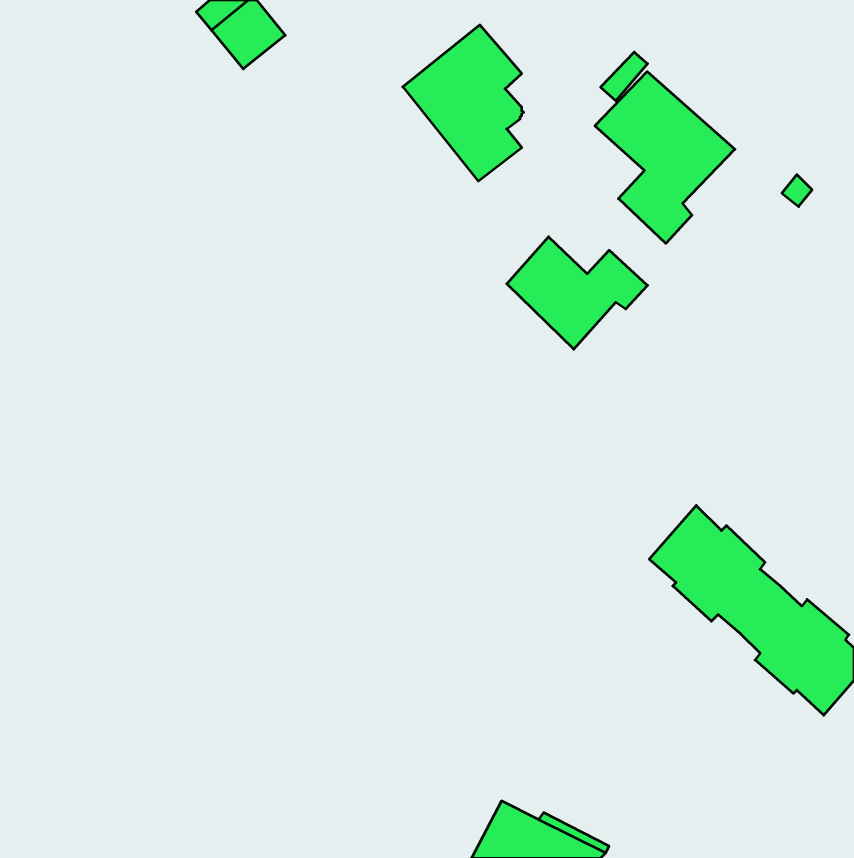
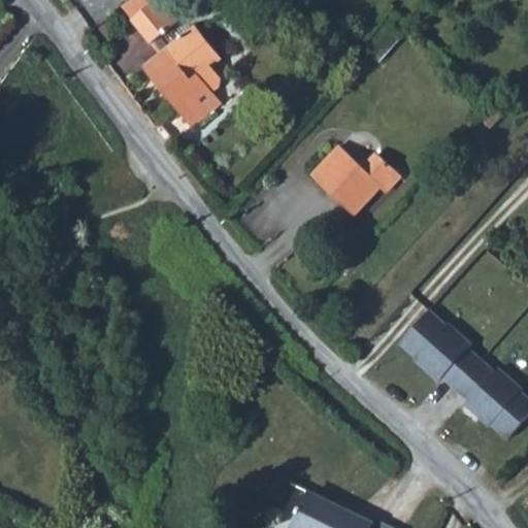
building: [403,25,524,181] -> [144,28,219,124]
building: [595,72,735,243] -> none

